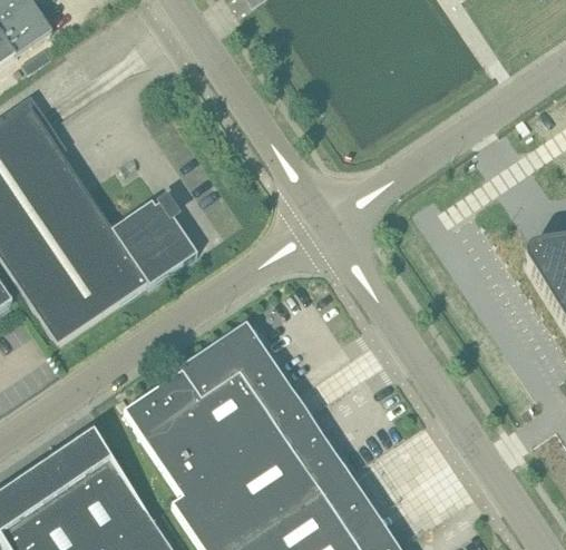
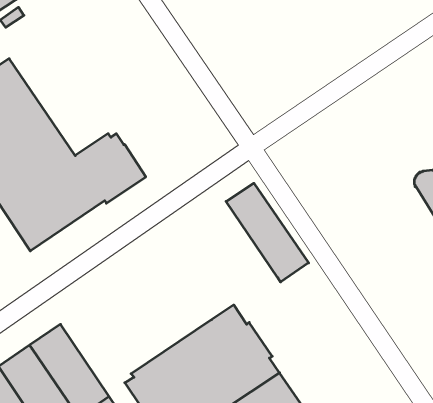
building: none -> [226,183,309,282]
building: [123,324,303,492] -> none

